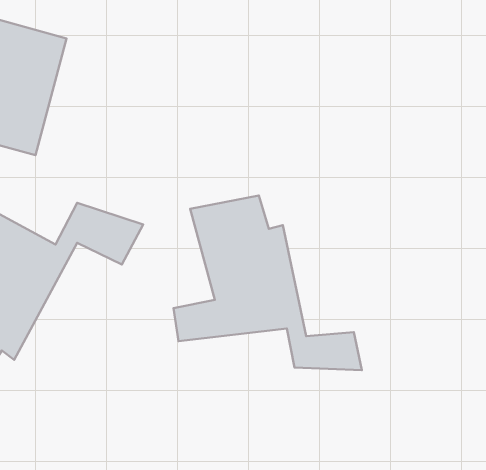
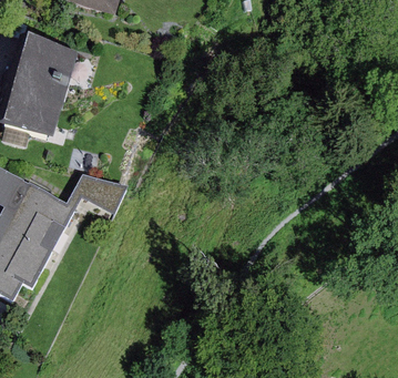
building: [173,196,362,370] -> none

